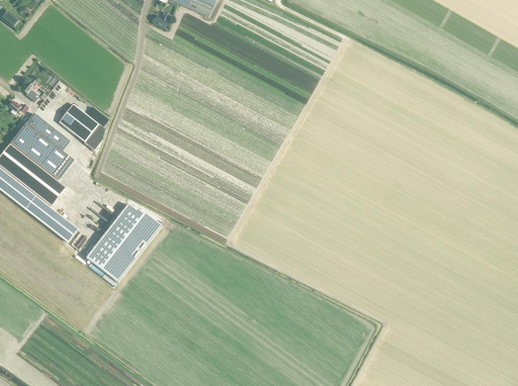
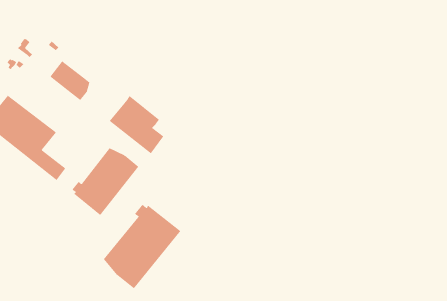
building: [9,112,73,180] -> [109,95,164,154]
building: none -> [103,204,181,289]

